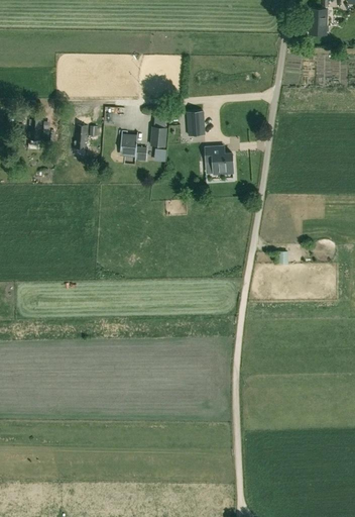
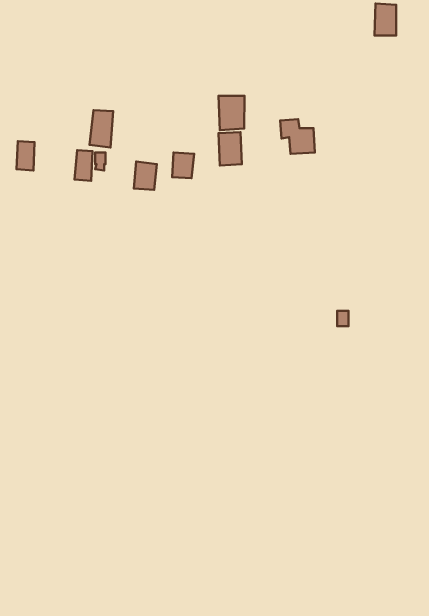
building: none -> [218,96,244,130]
building: none -> [90,110,113,147]
building: [206,146,233,174] -> [280,119,315,154]

